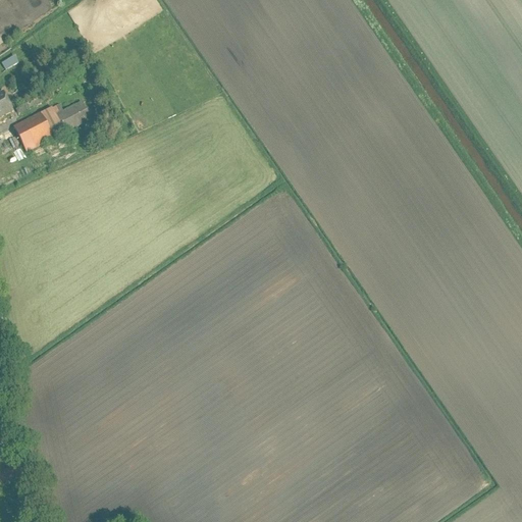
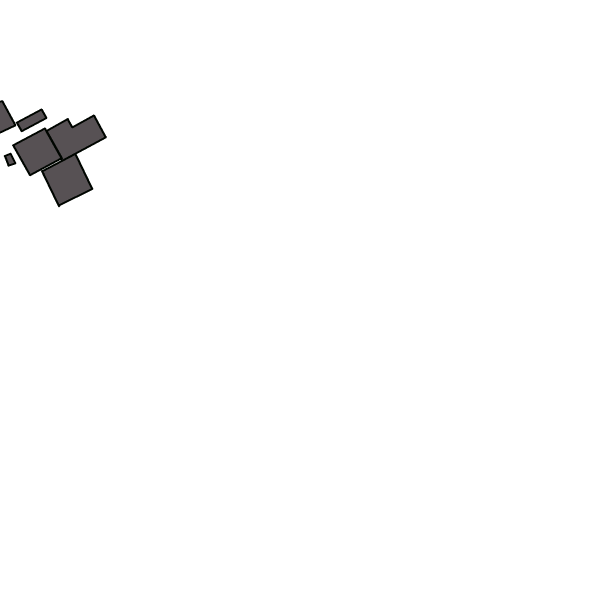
building: none -> [42,154,92,206]

